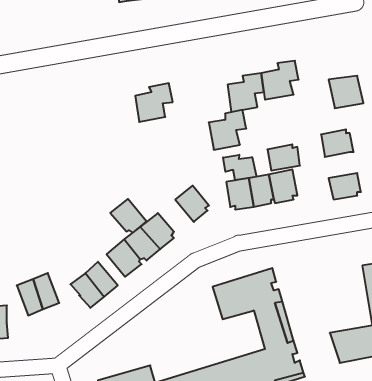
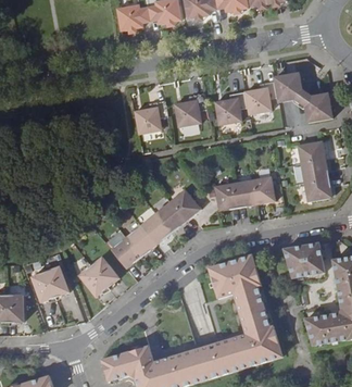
building: none -> [274,72,303,101]
building: [209,110,246,150] -> [174,92,206,127]
building: [267,144,300,171] -> [300,160,328,183]
building: [223,155,256,180] -> none
building: [110,199,146,233] -> [154,201,186,230]
building: none -> [284,242,325,276]

